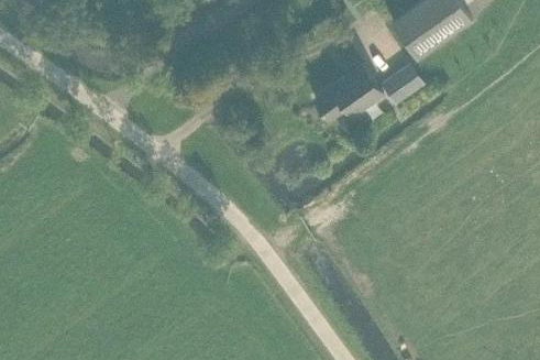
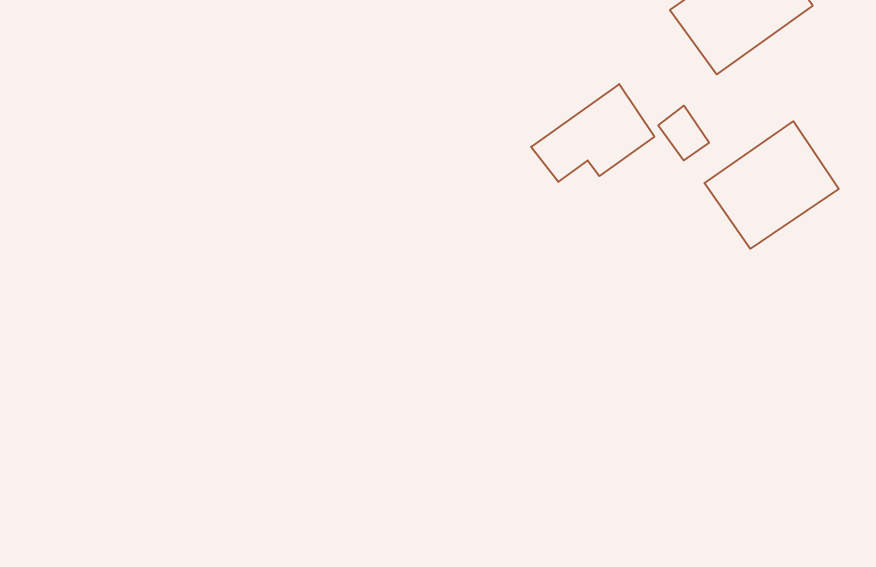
building: none -> [704,121,839,249]

